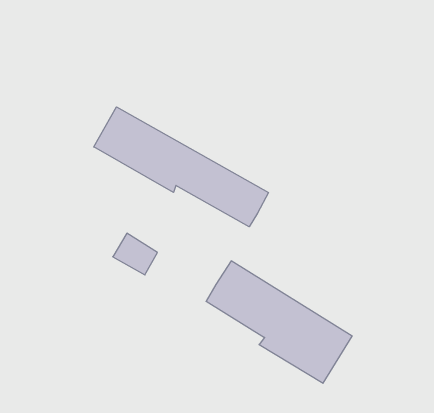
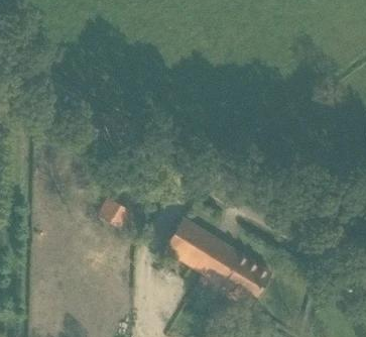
building: [94,107,268,227] -> none

